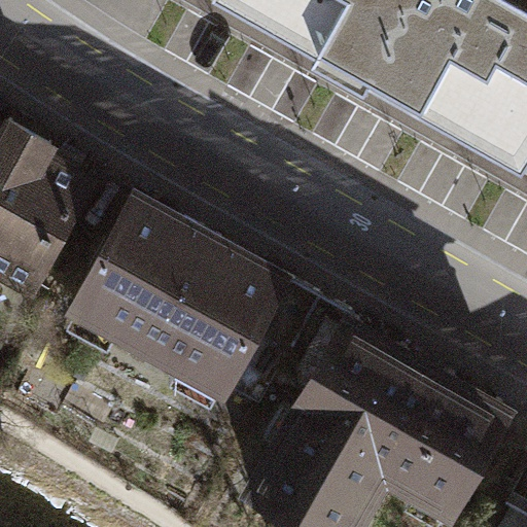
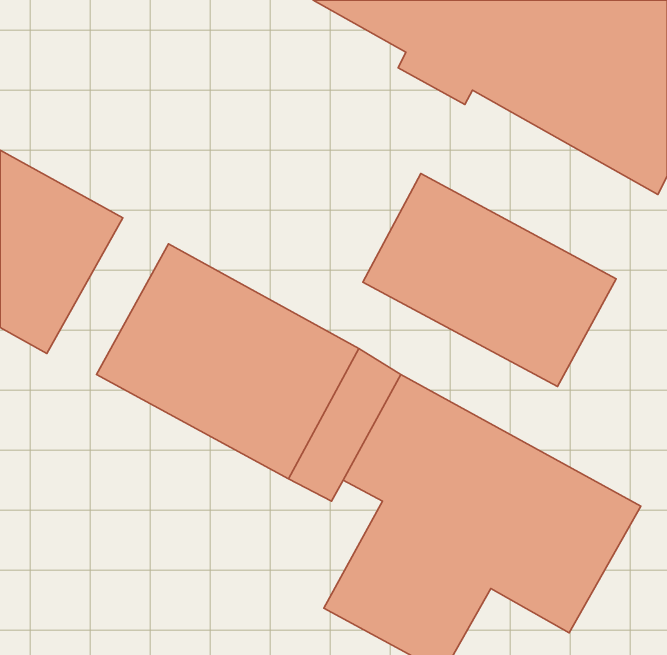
building: none -> [363,173,616,387]

